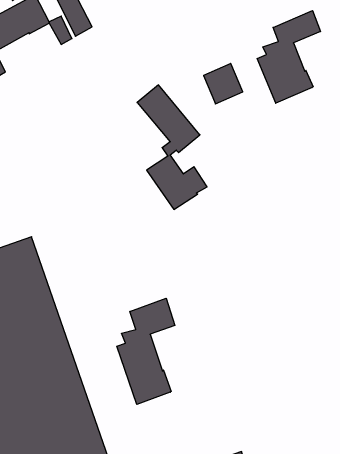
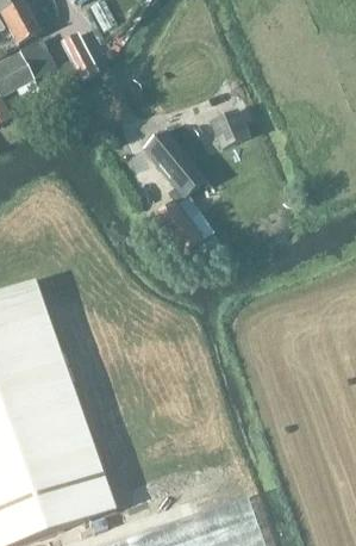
building: [257,11,320,103] -> none
building: [117,298,175,404] -> none

